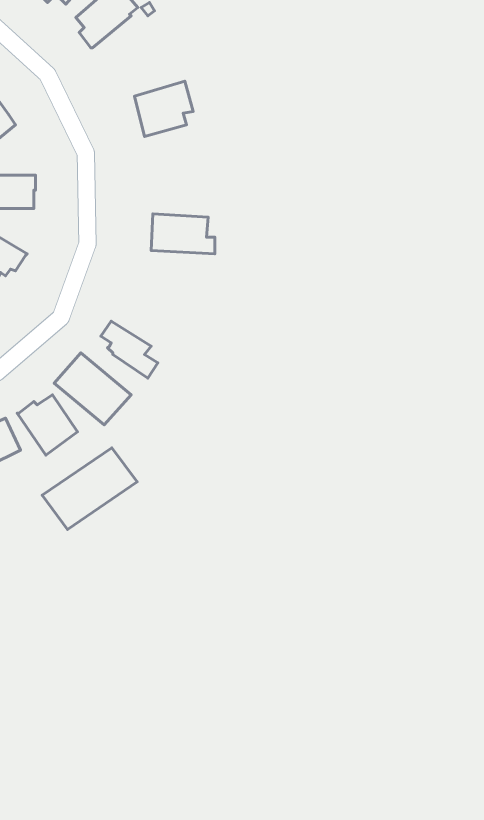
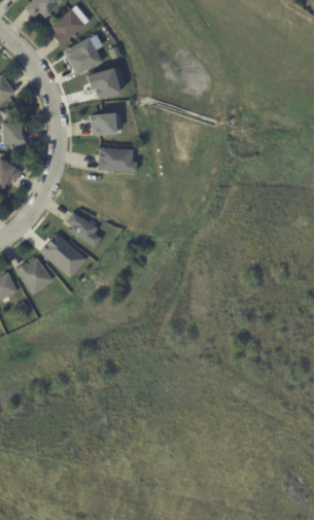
building: none -> [63,33,101,73]
building: none -> [91,112,116,135]
building: [42,448,137,530] -> none

